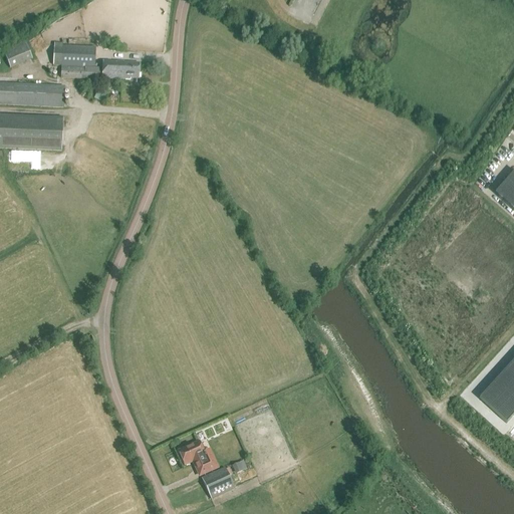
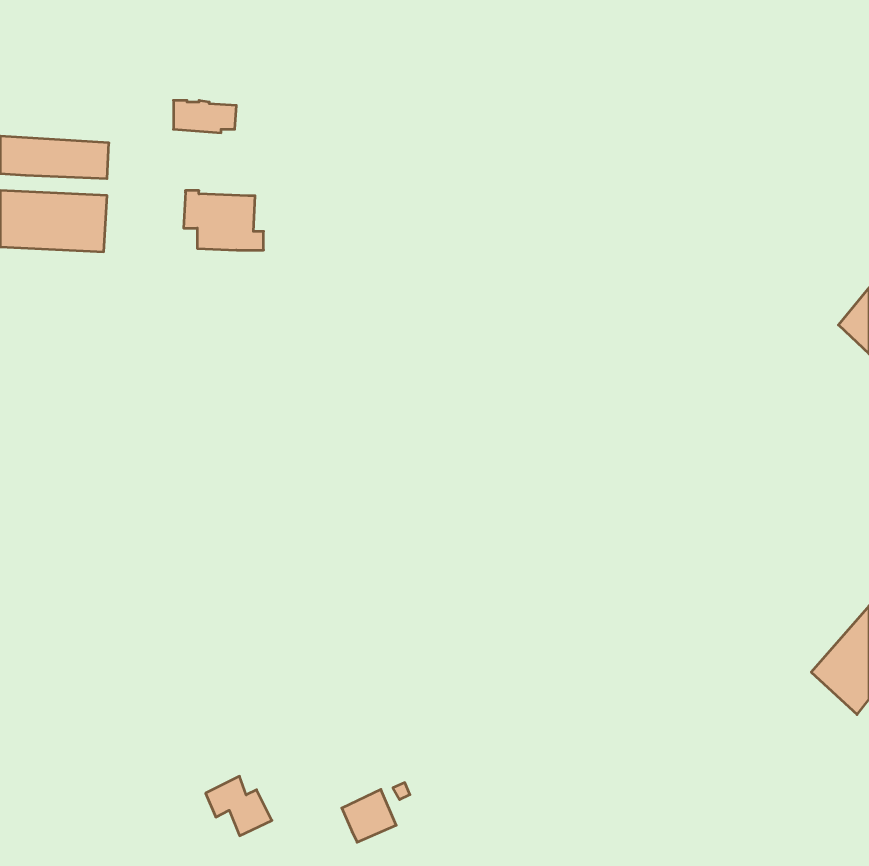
building: [6,39,37,67] -> none
building: [53,42,100,77] -> [184,191,264,250]
building: [179,440,218,475] -> [206,776,272,836]

